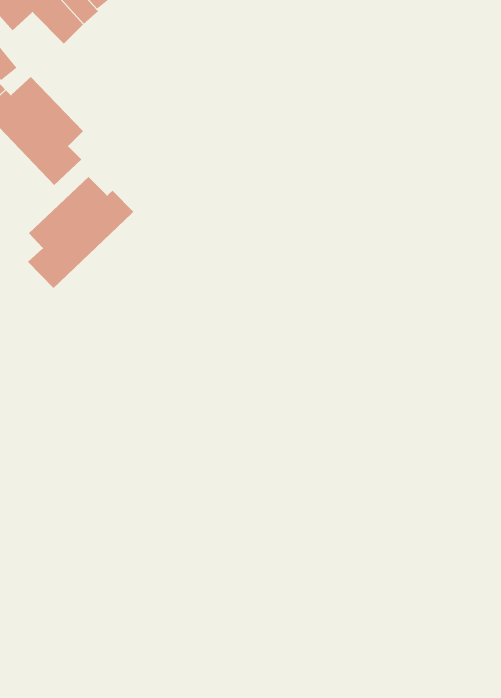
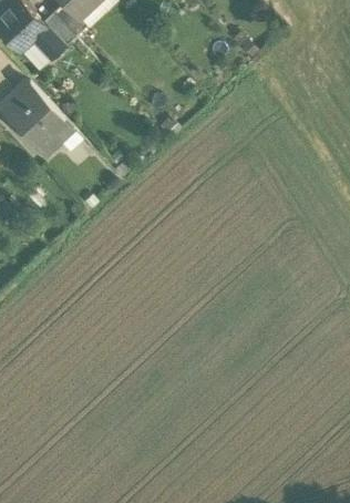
building: [27,176,134,289] -> none

